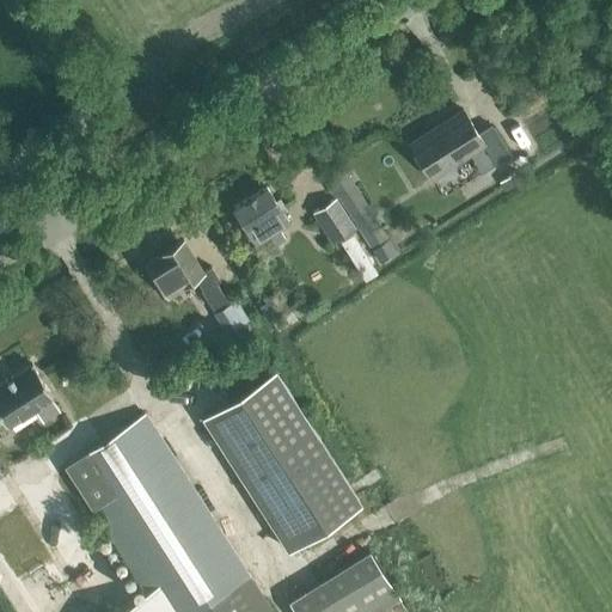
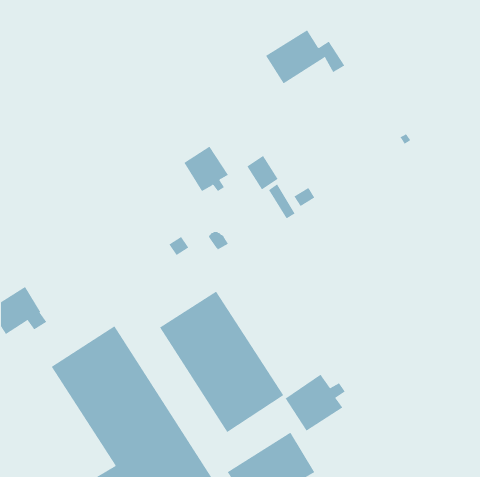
building: [410,114,512,183] -> [265,30,345,84]
building: [339,190,390,252] -> none
building: [146,243,227,312] -> none
building: none -> [285,374,345,432]

